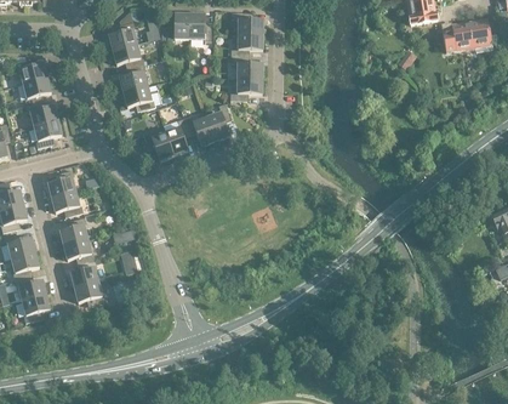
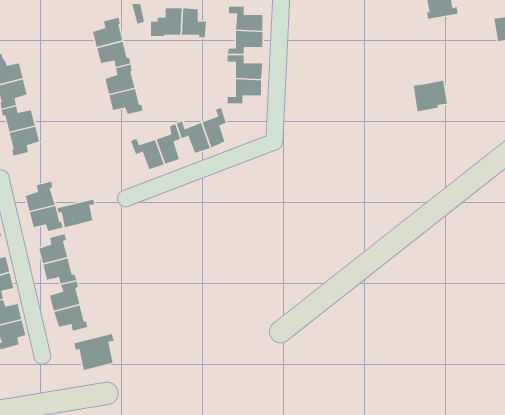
building: [441,22,473,51] -> [413,80,448,112]
building: none -> [57,199,95,228]
building: none -> [73,333,114,371]

